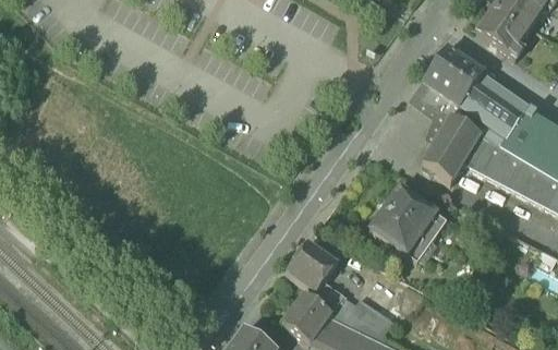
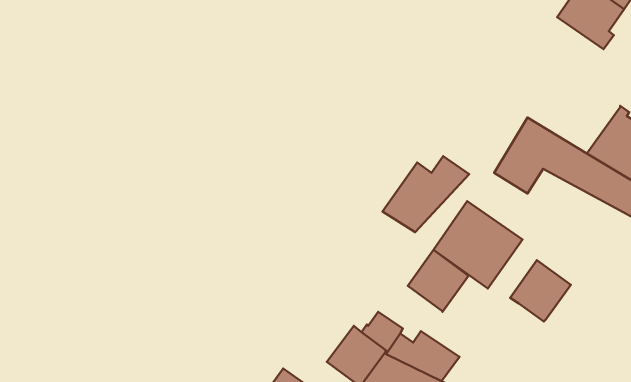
building: [418,46,527,146] -> none
building: none -> [383,156,469,232]
building: none -> [510,260,571,321]
building: [284,240,336,292] -> [408,250,468,312]

